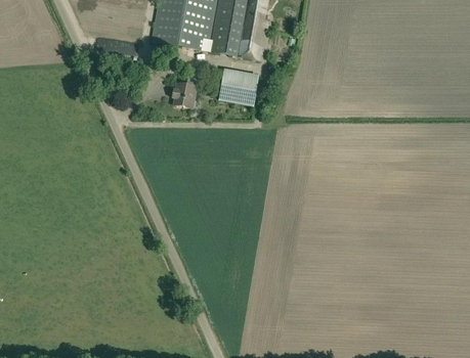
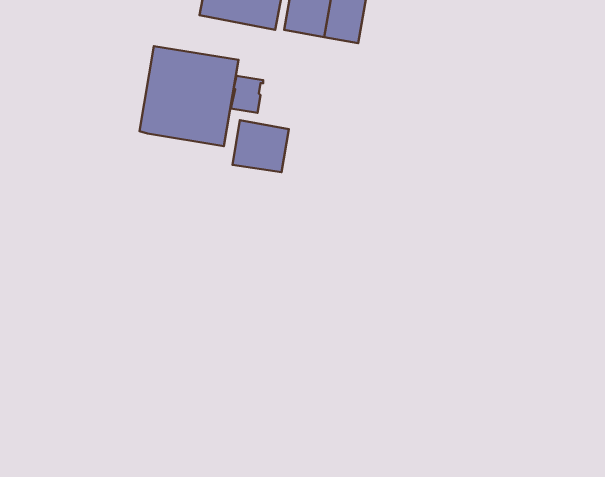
building: none -> [140,46,239,146]
building: [218,68,257,103] -> [233,120,289,172]

